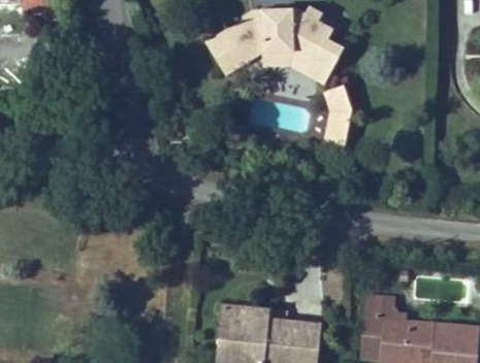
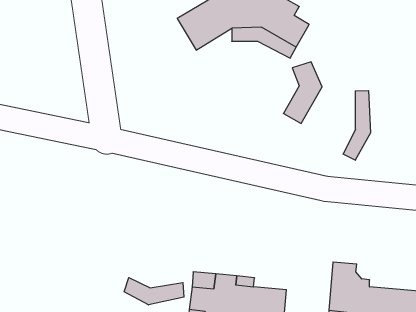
building: none -> [343,91,371,160]
building: none -> [124,278,184,305]

